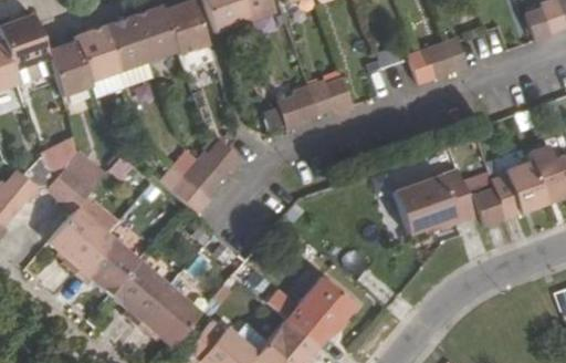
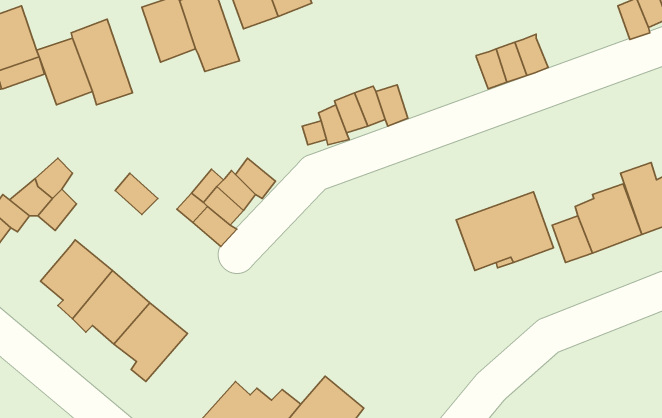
building: [105,14,155,85] -> none
building: [62,152,105,211] -> none
building: [266,278,355,346] -> none
building: [137,284,202,345] -> none

